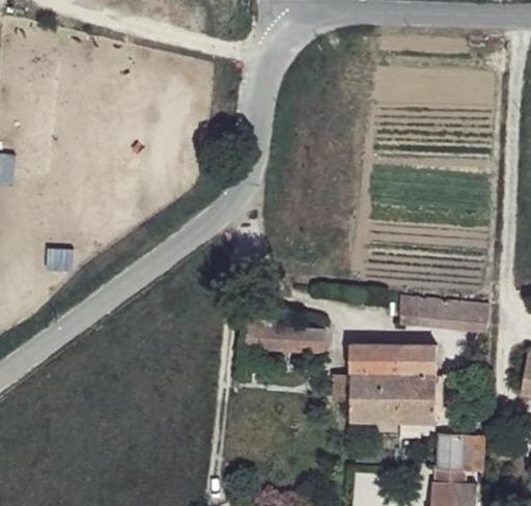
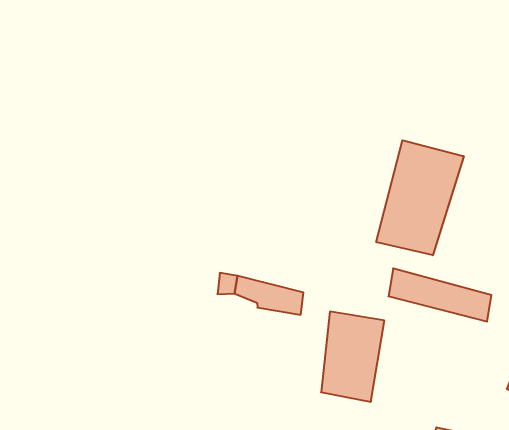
building: none -> [376,140,464,255]
building: [397,344,436,420] -> none

